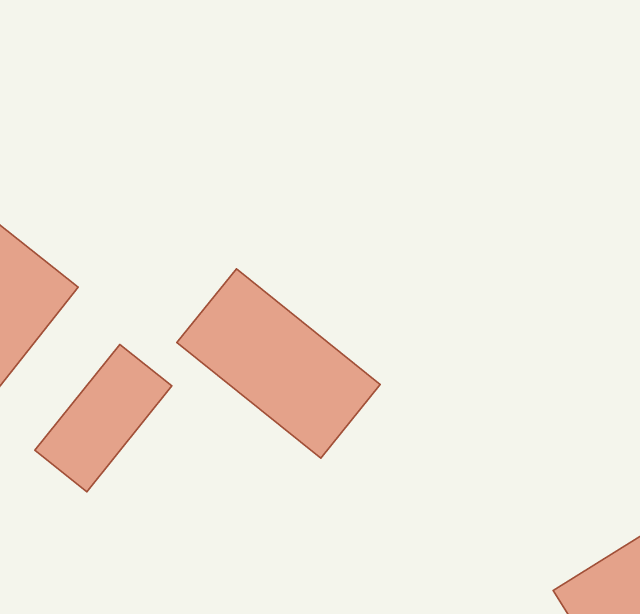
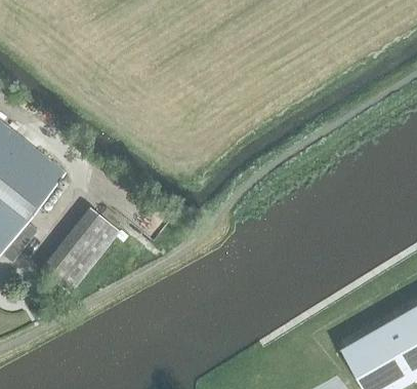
building: [177,269,380,458] -> none

